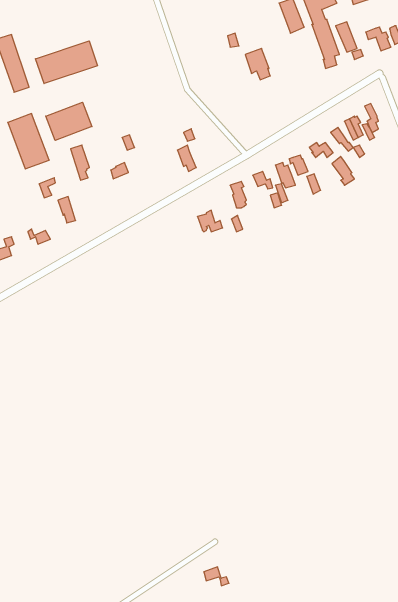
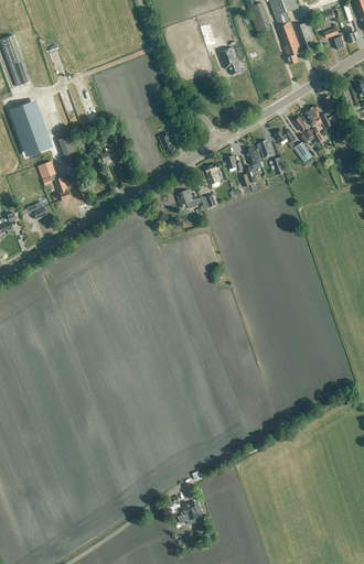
building: [35,41,98,84] -> none
building: [46,102,92,140] -> none

